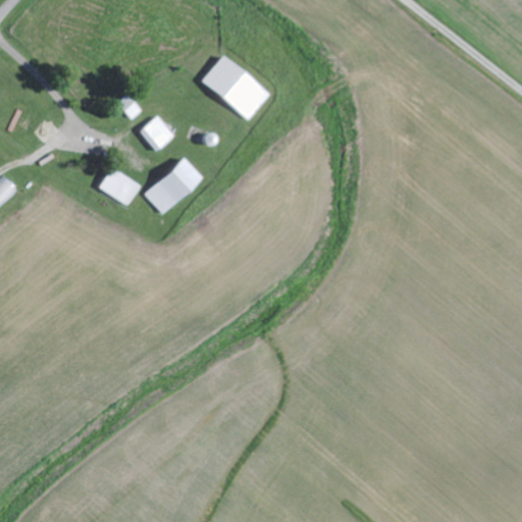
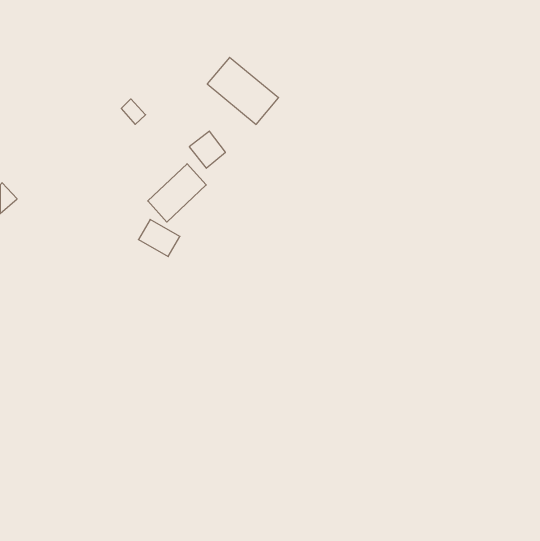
building: [140,115,174,151] -> [189,131,225,168]
building: [99,168,139,204] -> [138,219,180,257]

